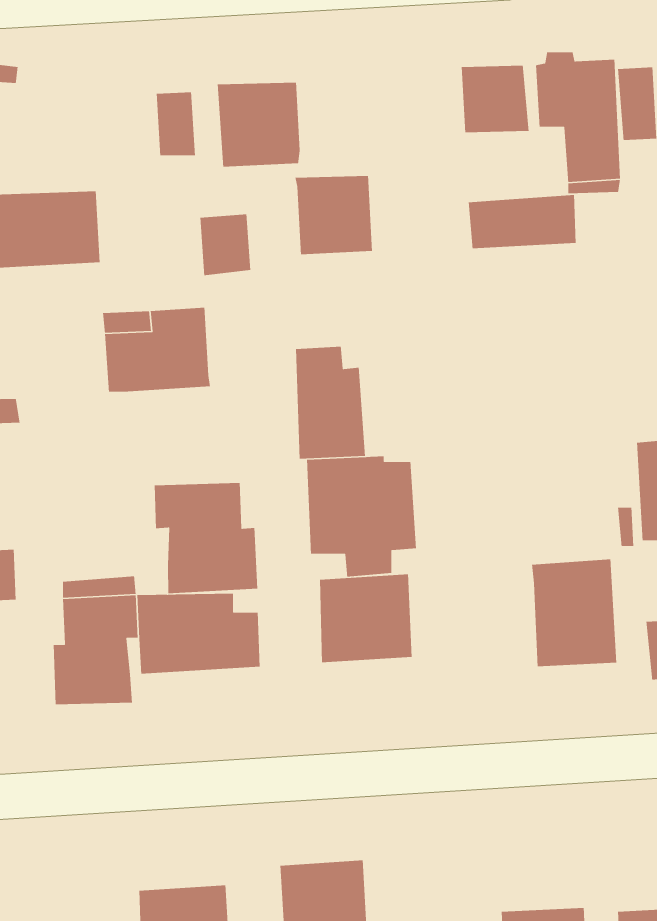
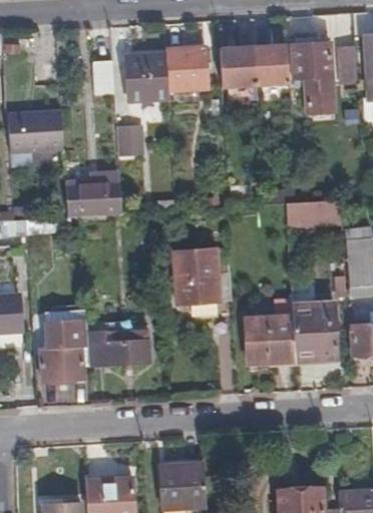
building: none -> [221,46,256,83]
building: [295,175,373,255] -> [166,48,208,90]
building: [468,194,577,249] -> [284,200,341,229]
building: [295,346,366,459] -> none
building: [154,482,258,594] -> none
building: [319,573,413,663] -> [245,318,294,365]

